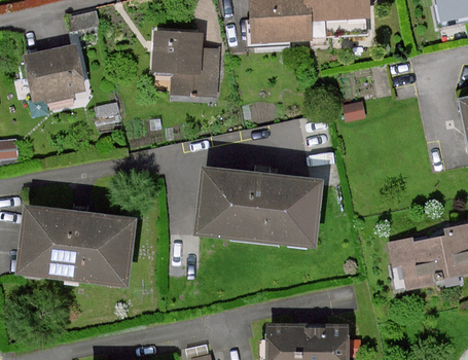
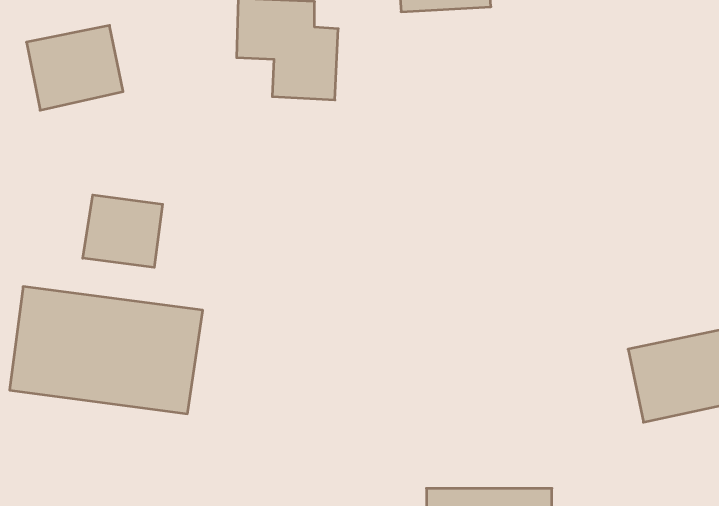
building: none -> [83,195,163,267]
building: [197,169,322,246] -> none

